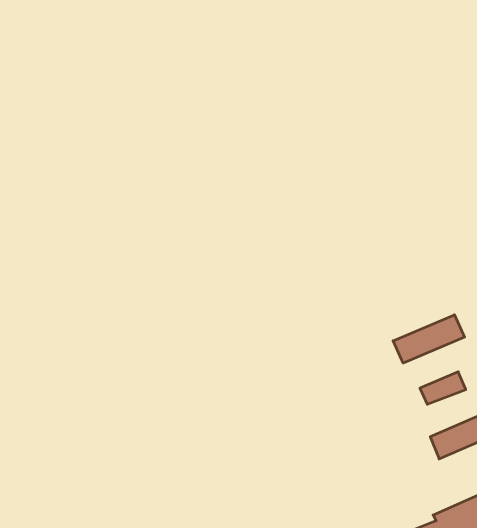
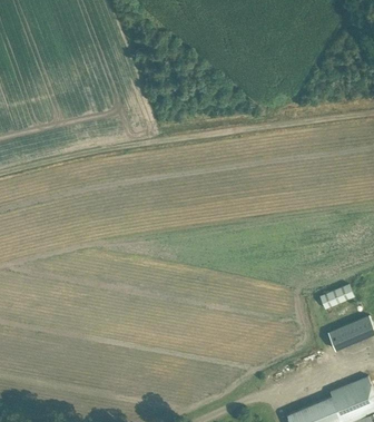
building: [393,315,465,363] -> none

